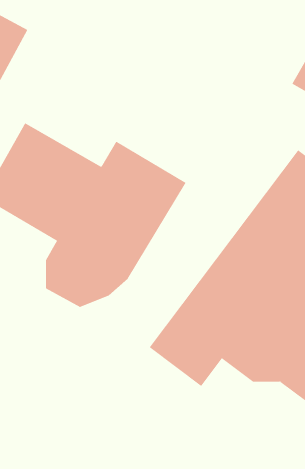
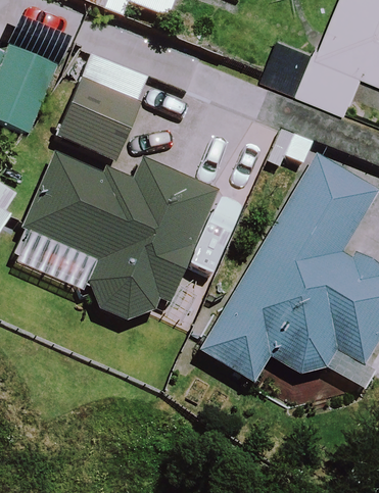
building: none -> [52,54,149,162]

